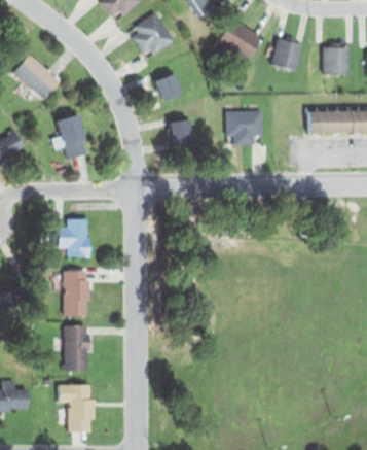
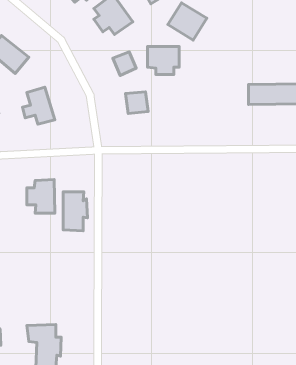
building: [270,38,302,71] -> none
building: [323,47,348,75] -> none
building: [226,112,262,144] -> [148,46,179,75]
building: [63,272,90,316] -> [63,192,88,231]
building: [66,325,89,370] -> none

